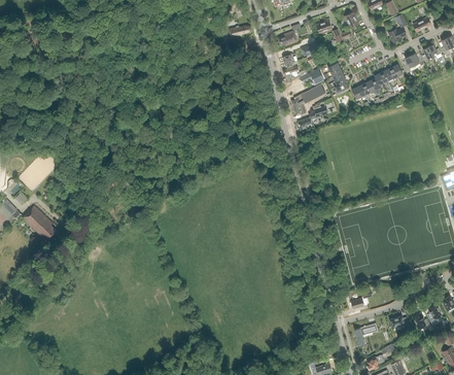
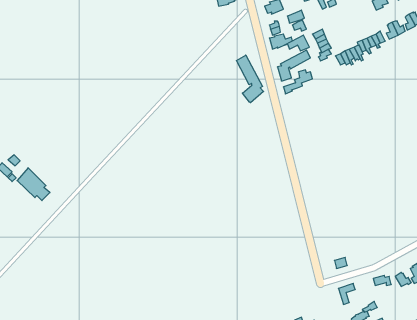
building: none -> [236,55,264,103]

